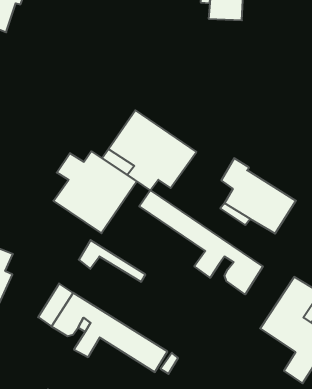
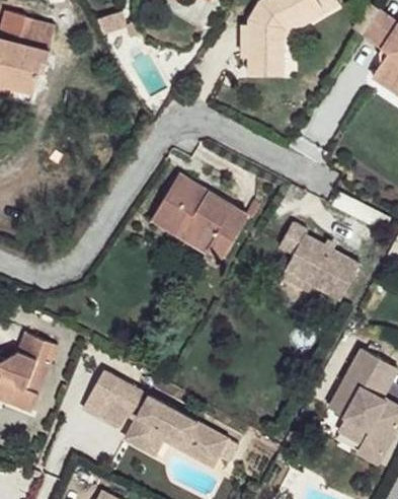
building: [53,151,137,233] -> none
building: [139,190,263,294] -> none
building: [79,240,145,282] -> [145,428,219,470]

